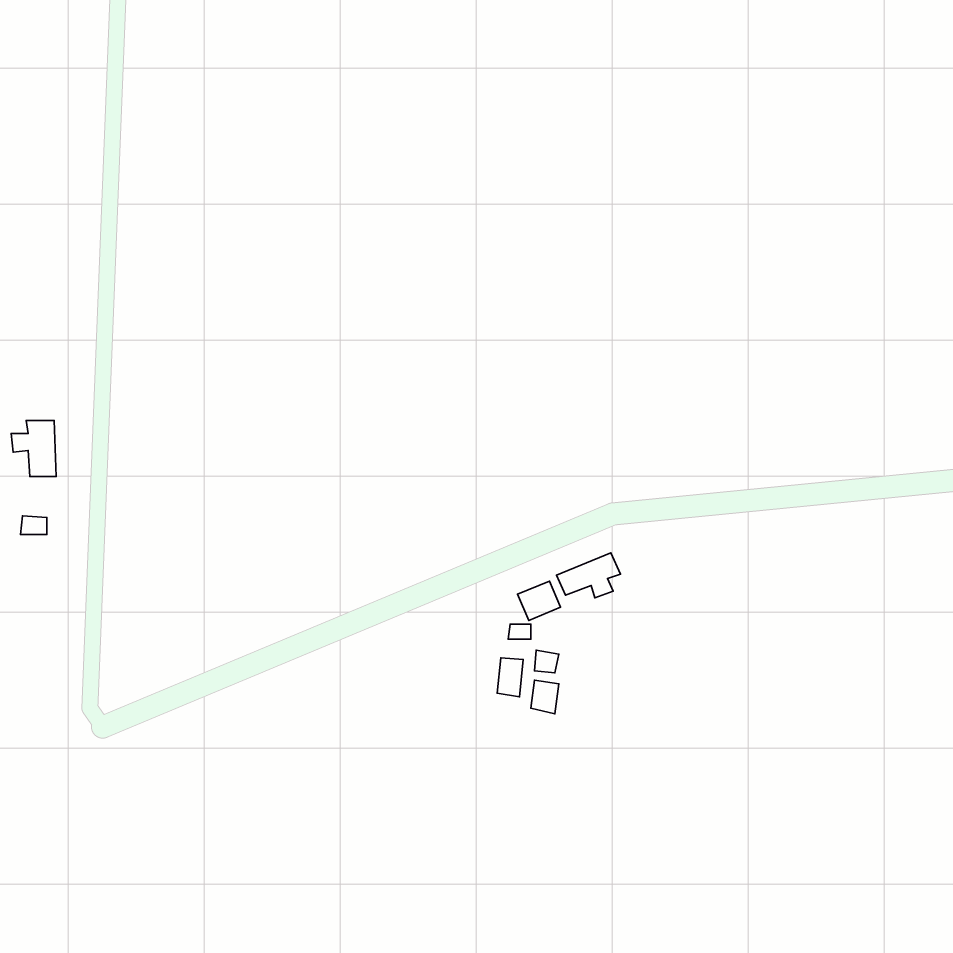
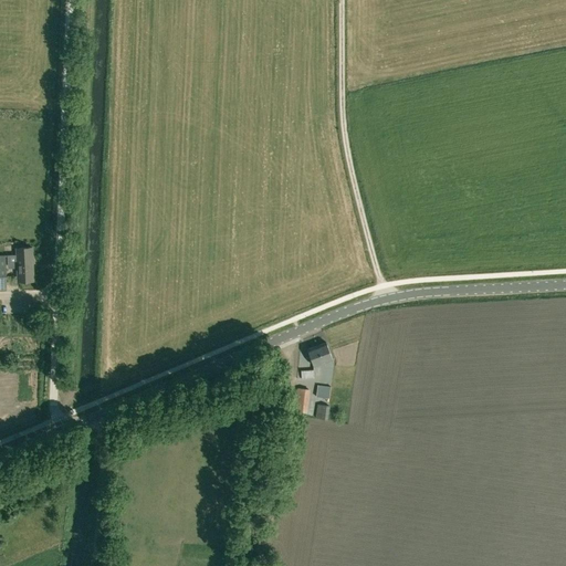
building: [556,553,621,598] -> none

